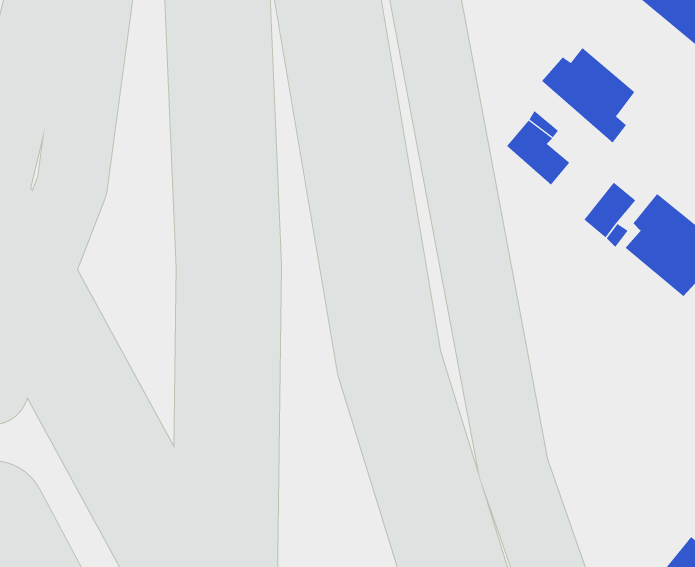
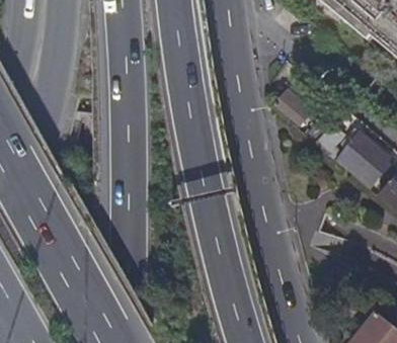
building: [541,47,635,143] -> none

